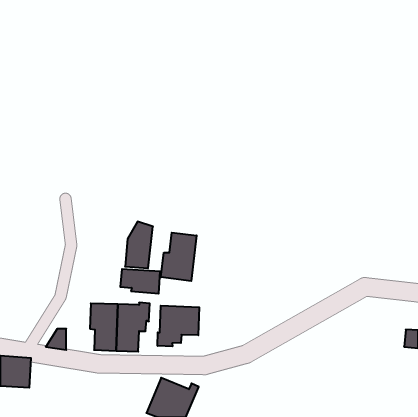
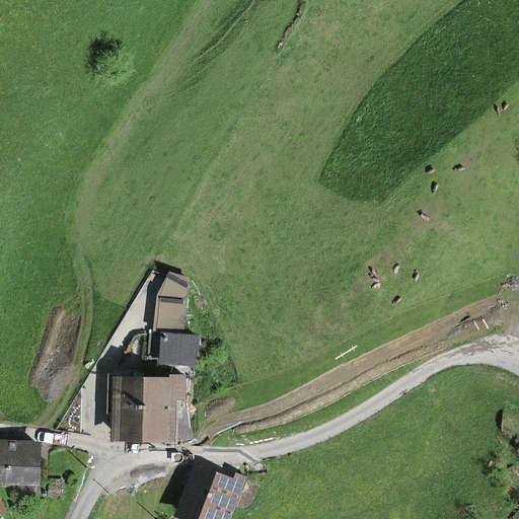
building: [161,233,197,281] -> none
building: [158,306,199,346] -> none

